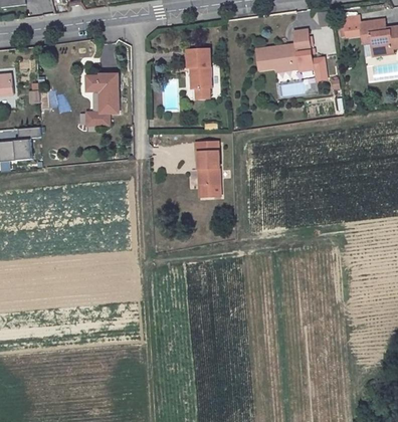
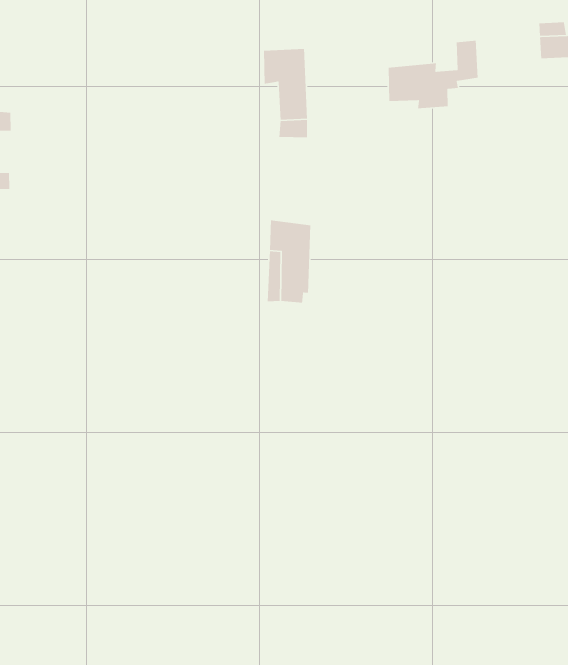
building: [297,50,326,79] -> none
building: [83,74,117,130] -> none

